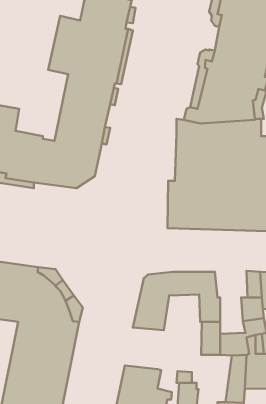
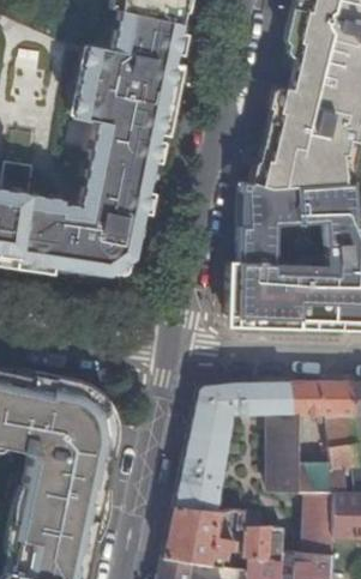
building: none -> [291,381,335,416]
building: none -> [173,456,224,511]

